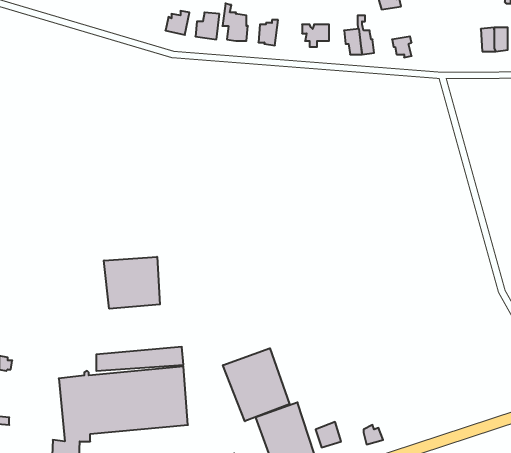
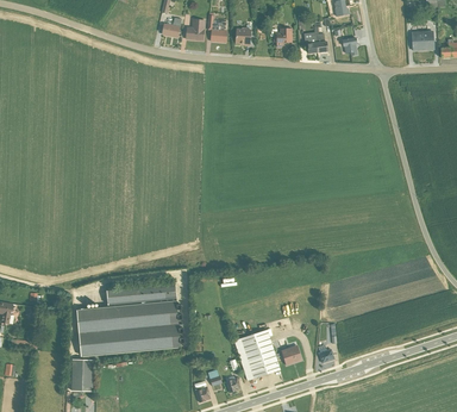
building: [104,257,160,309] -> none
building: [223,348,290,421] -> none

